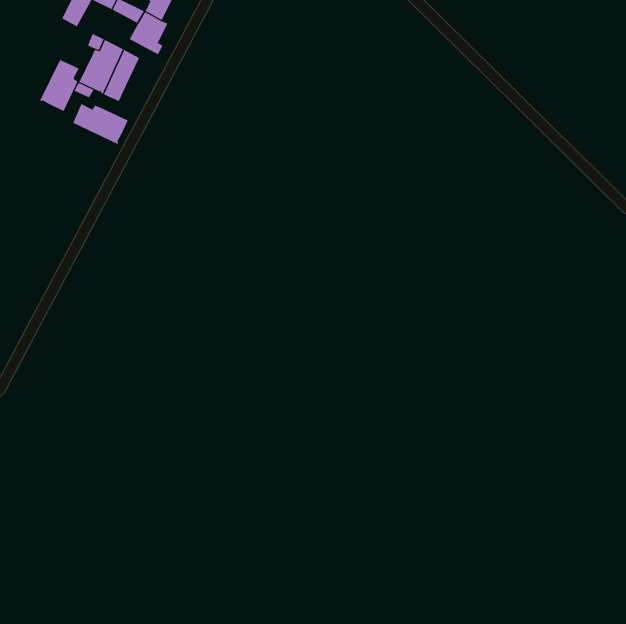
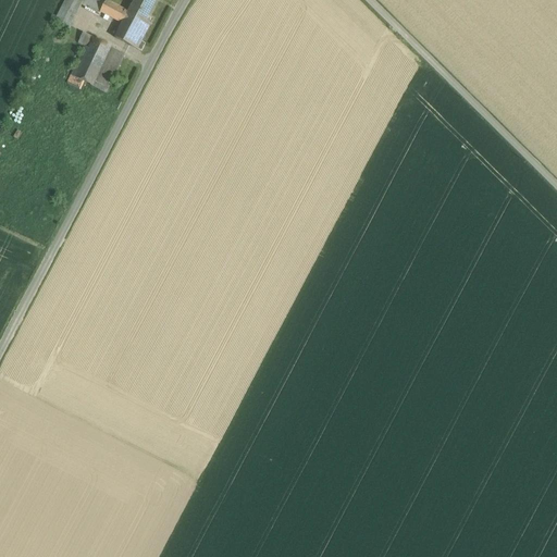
building: [39,59,79,112] -> none
building: [72,103,129,145] -> none

